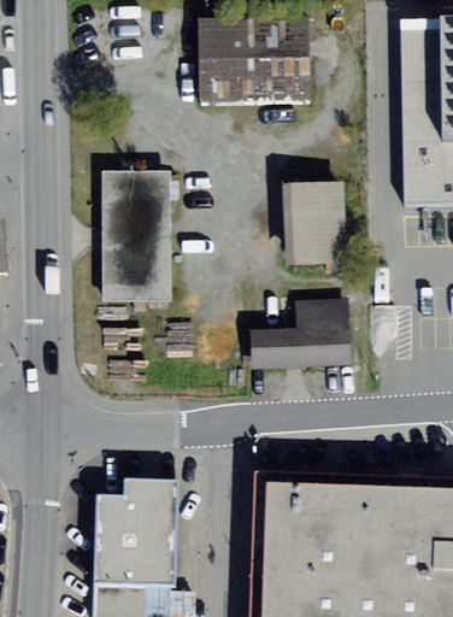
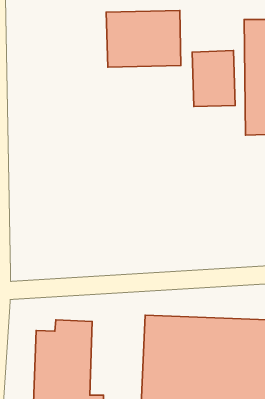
building: [101,171,170,301] -> none
building: [282,182,346,265] -> [192,51,235,106]
building: [249,299,349,370] -> none

